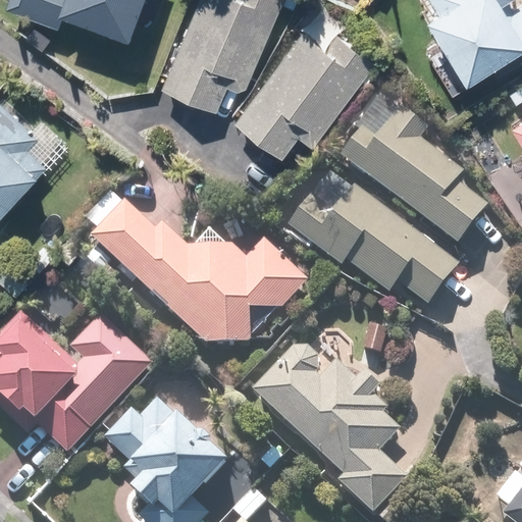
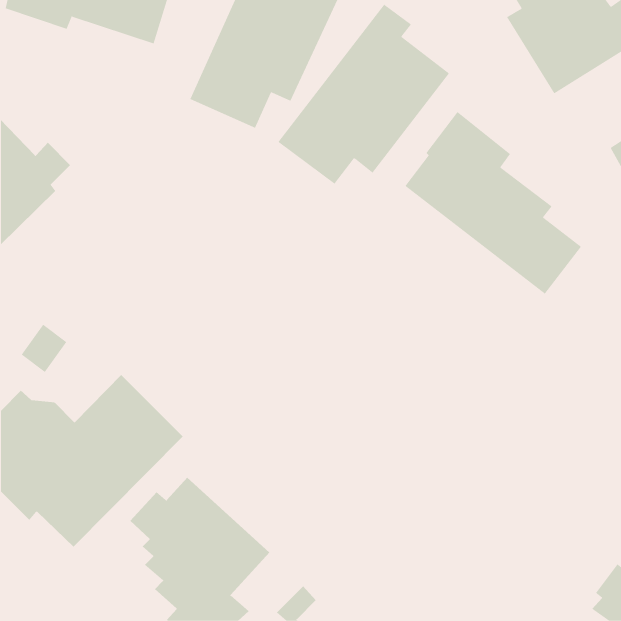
building: [290,169,460,306] -> none
building: [87,194,310,345] -> none
building: [253,341,408,512] -> none

